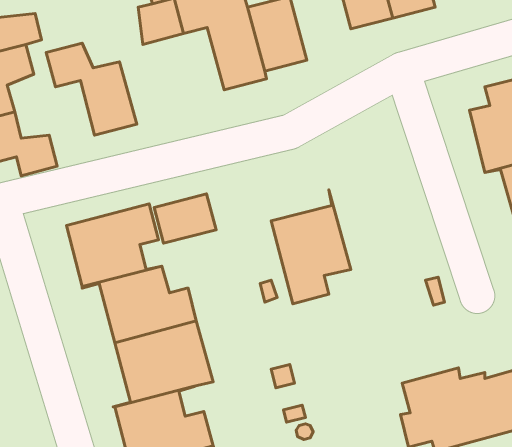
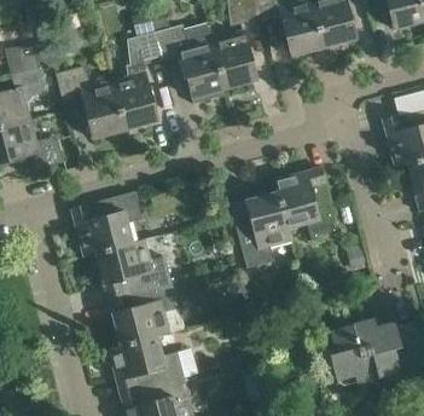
building: none -> [112,73,158,129]
building: none -> [274,167,338,242]
building: [154,194,216,243] -> none

